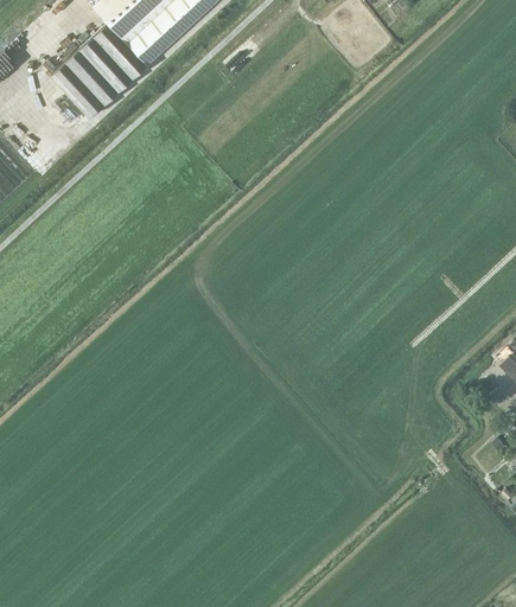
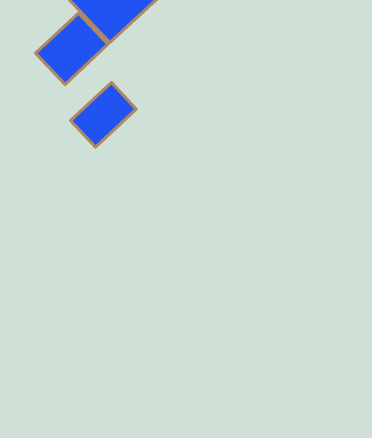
building: none -> [71,82,136,147]

